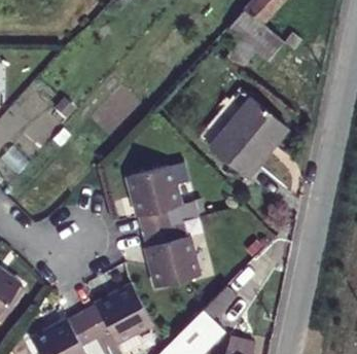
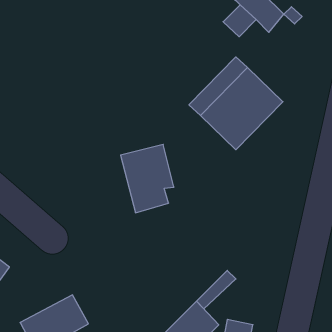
building: [142,223,198,290] -> none
building: [81,284,151,341] -> none

